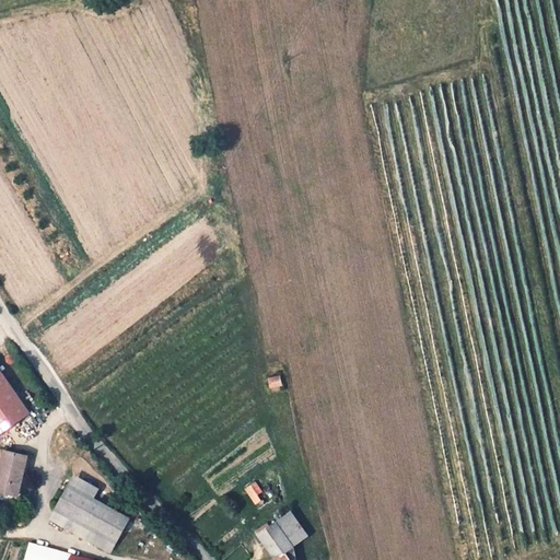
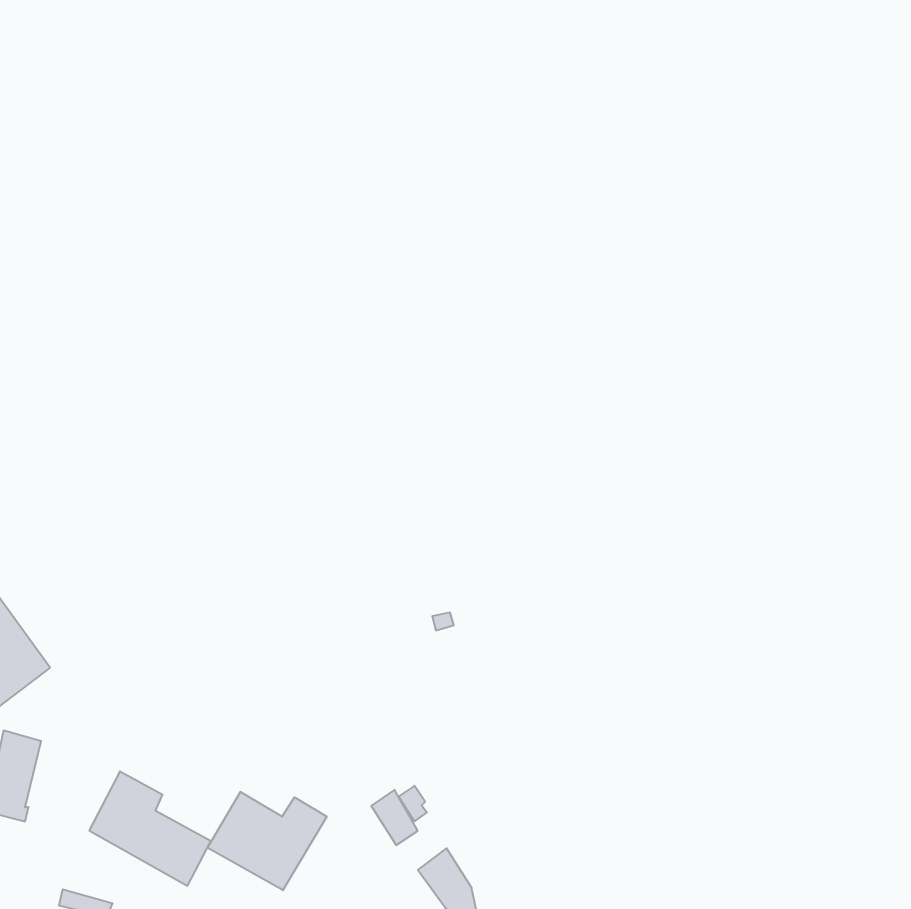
building: none -> [207,792,327,890]
building: [273,512,302,546] -> [371,790,418,845]

